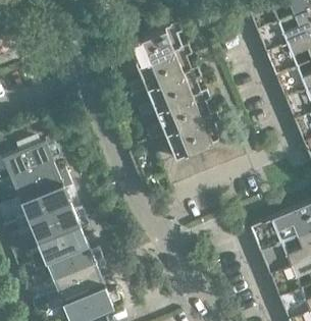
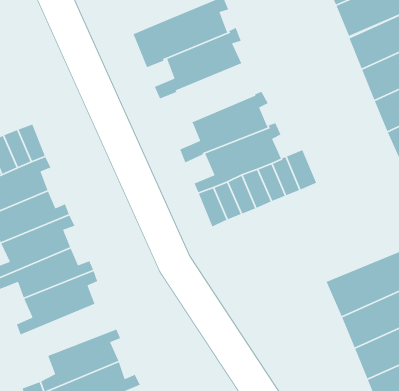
building: [140,73,203,125] -> none
building: [35,250,104,286] -> none

